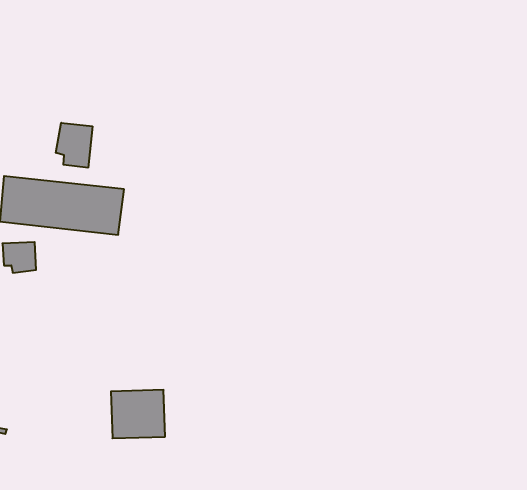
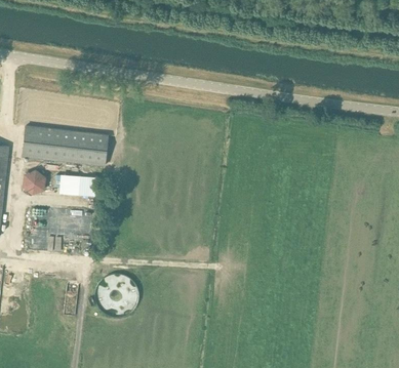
building: [56,123,92,168] -> none
building: none -> [61,174,97,194]

